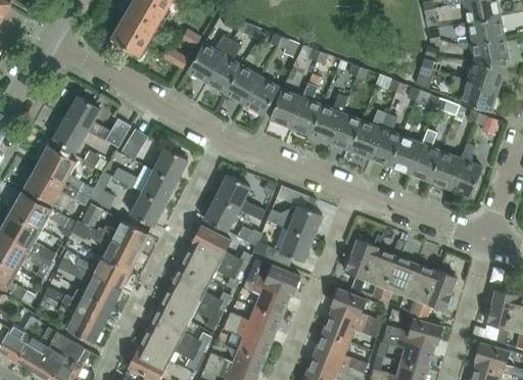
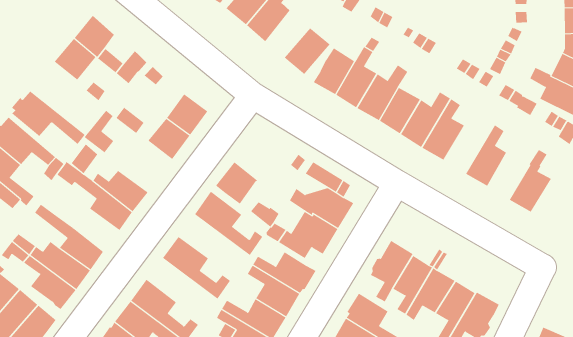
building: [226,64,260,104] -> none
building: [390,135,422,175] -> none
building: [38,146,94,196] -> none
building: [430,151,462,190] -> none
building: [217,175,266,222] -> none
building: [131,192,165,227] -> none
building: [181,246,243,290] -> none
building: [79,256,132,290] -> none
building: [160,287,223,330] -> none

